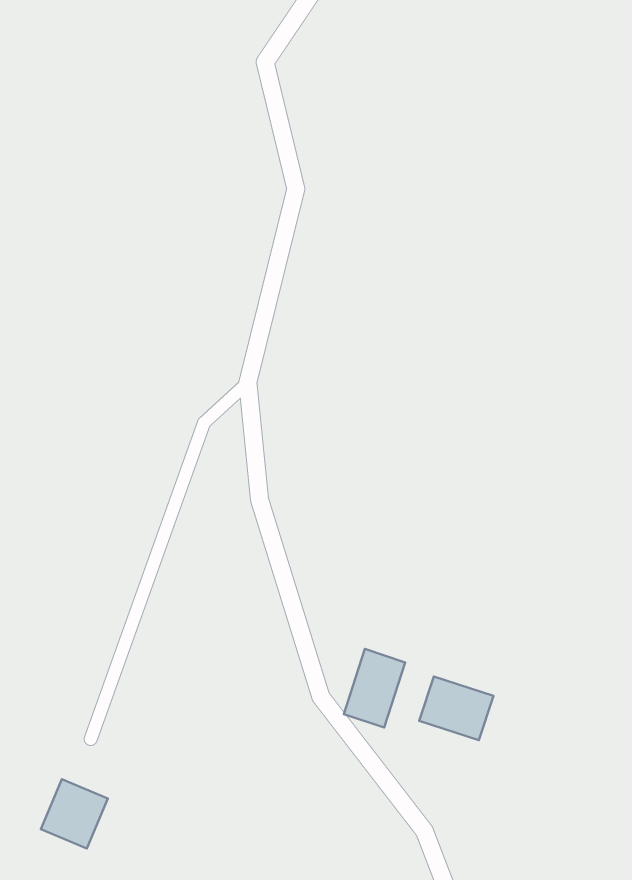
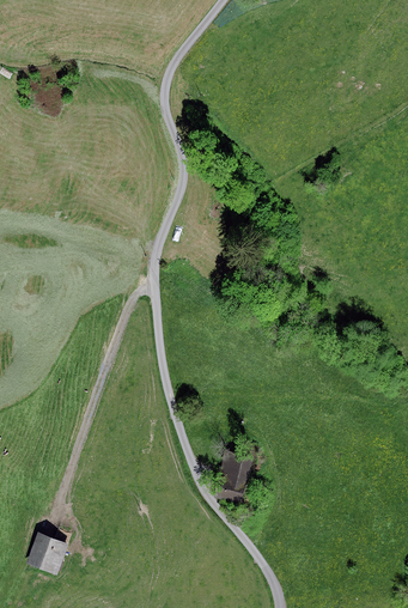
building: [419,677,494,740] -> none

